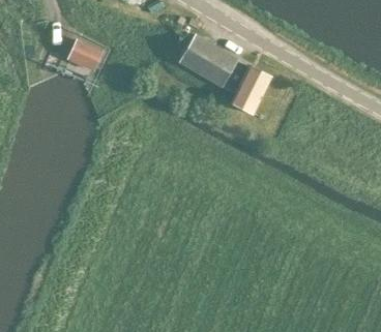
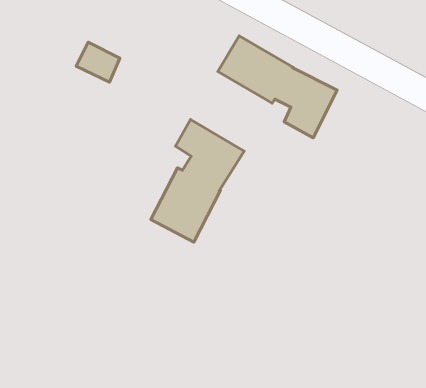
building: none -> [151,119,244,242]

